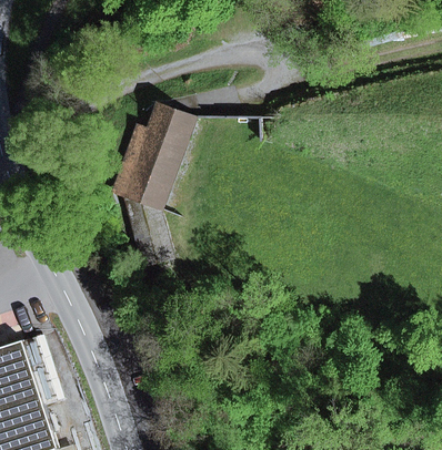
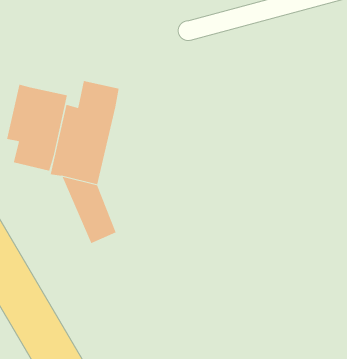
building: none -> [6,84,67,171]

